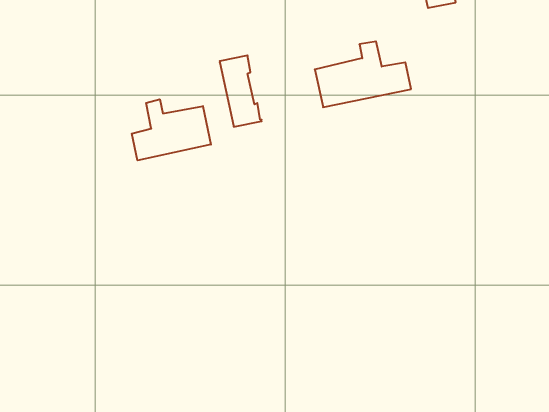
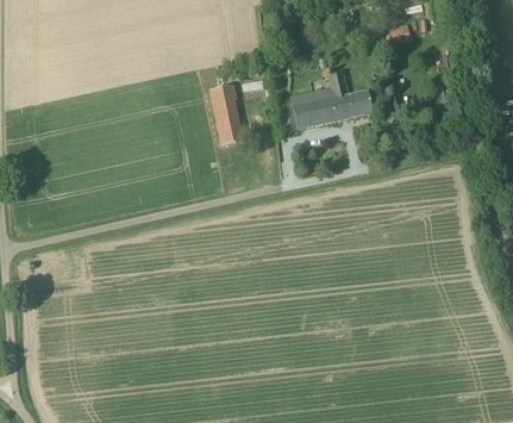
building: [132,99,211,160] -> none

